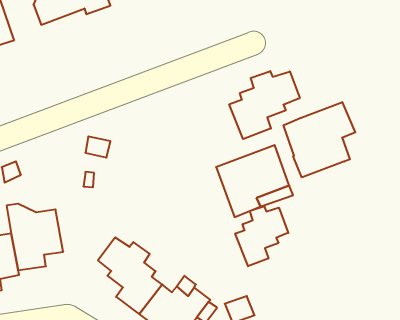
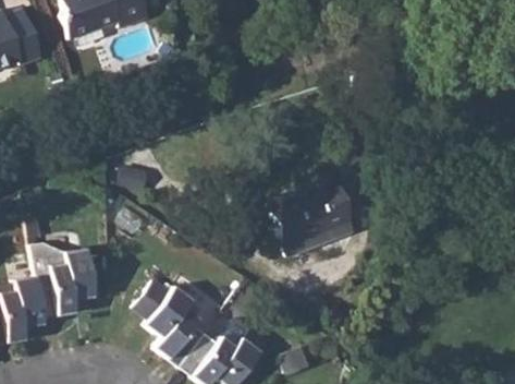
building: [229,71,300,139] -> none
building: [284,102,355,177] -> none
building: [235,206,288,266] -> none

